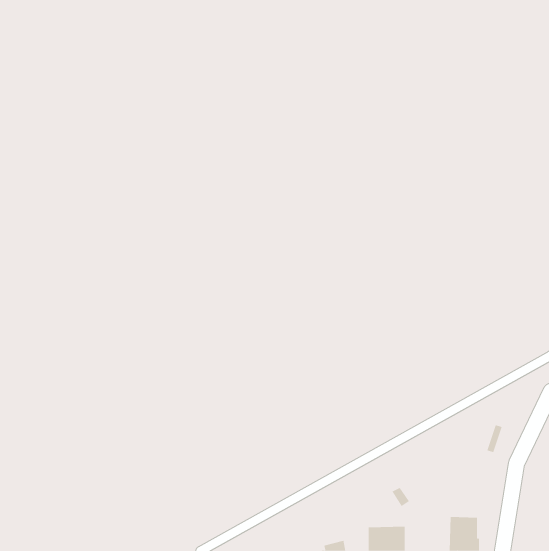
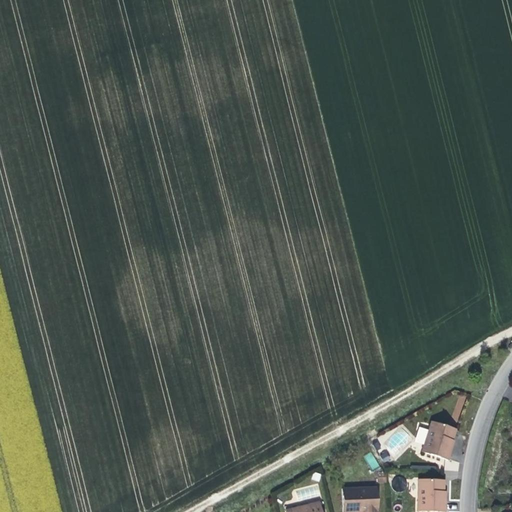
building: none -> [423,421,455,459]

